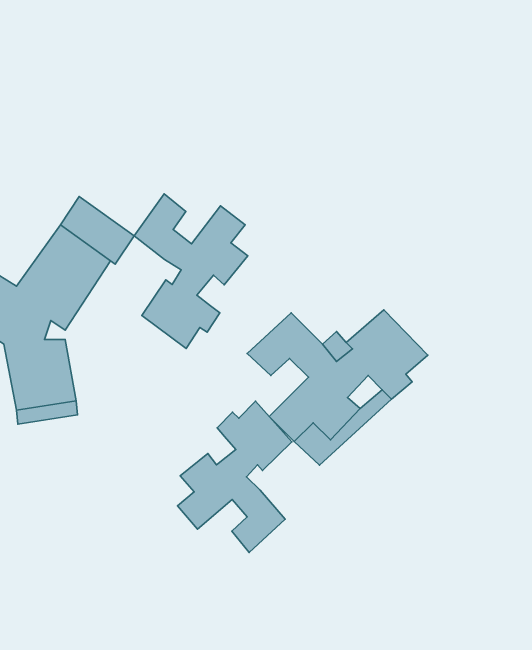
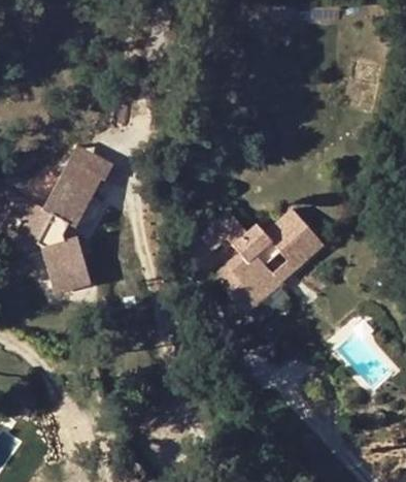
building: [134,194,248,348] -> none
building: [177,401,292,553] -> none

